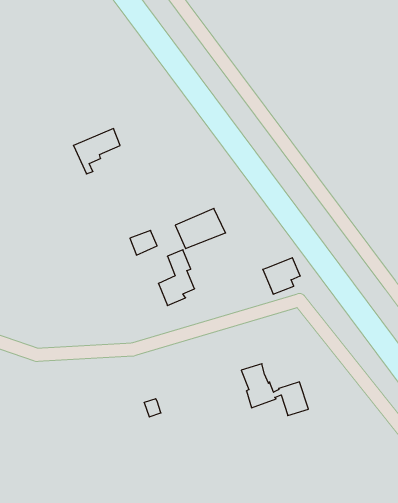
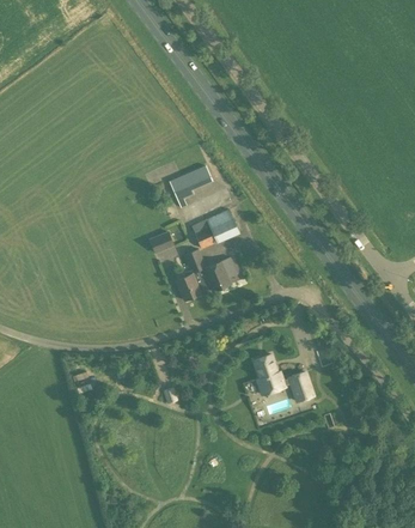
building: [73,129,120,174] -> [169,165,212,207]
building: [263,258,300,294] -> [202,256,237,290]

